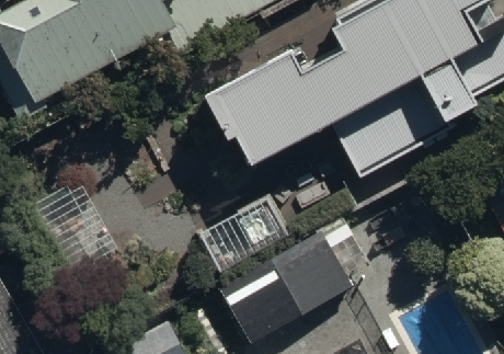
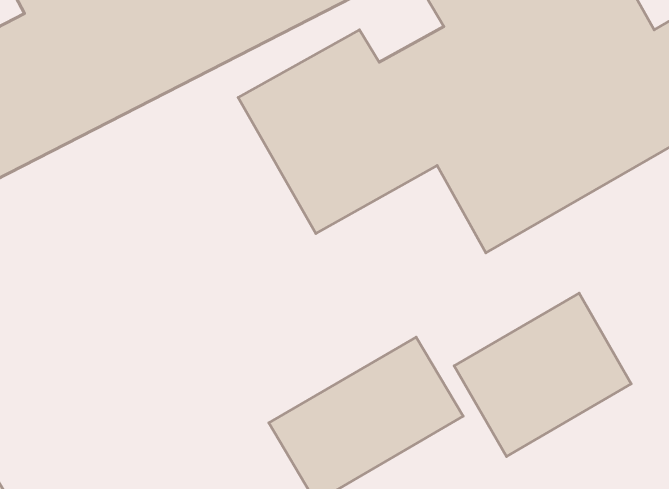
building: none -> [454,293,631,456]

